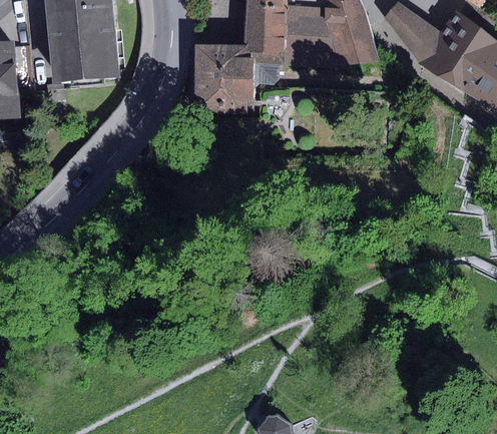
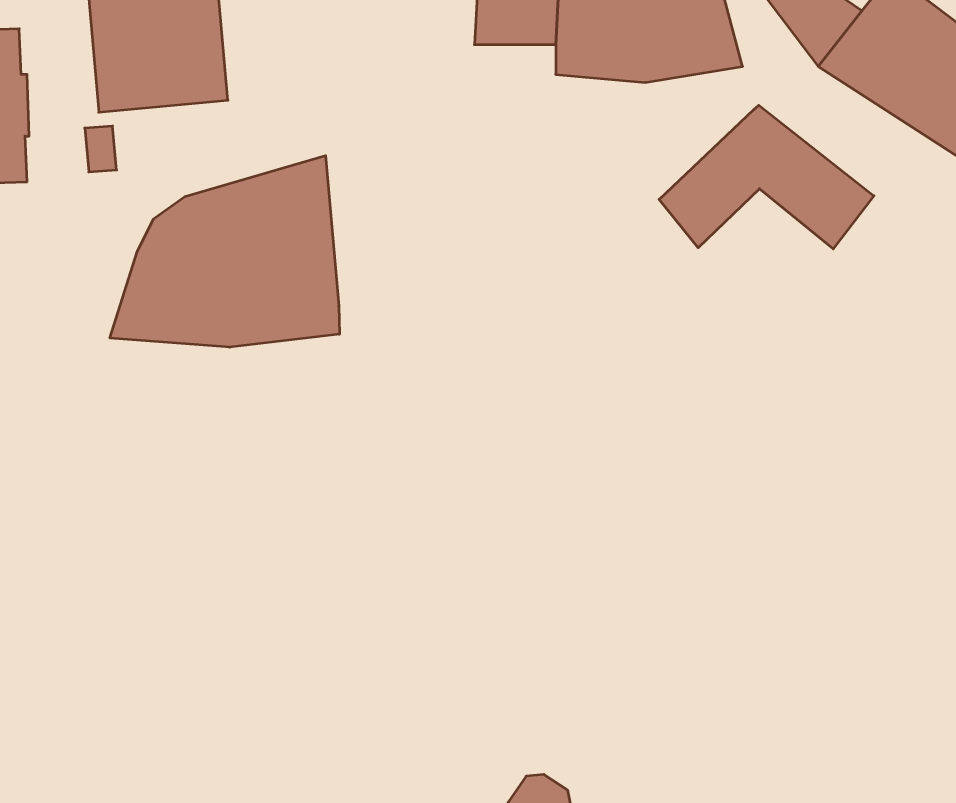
building: [196,47,284,110] -> none
building: none -> [659,105,874,249]
building: none -> [110,156,339,347]

